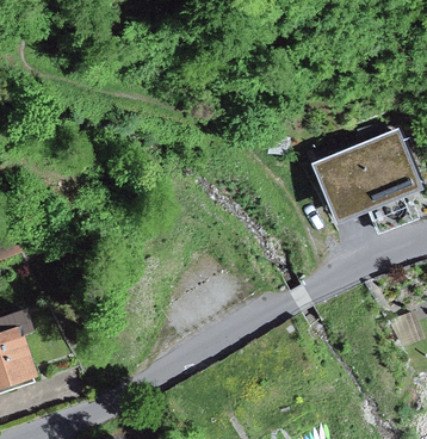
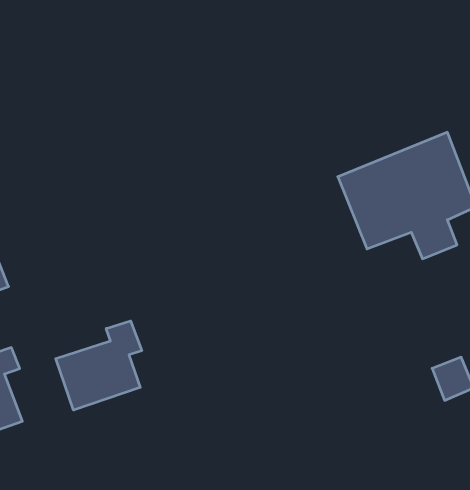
building: none -> [56,321,142,410]

